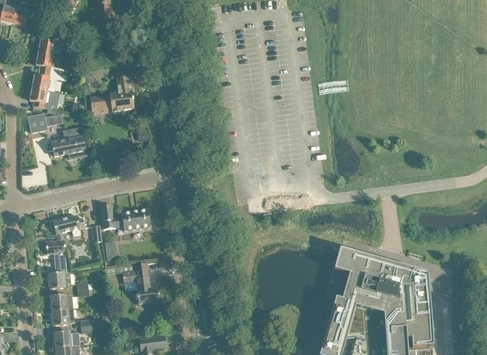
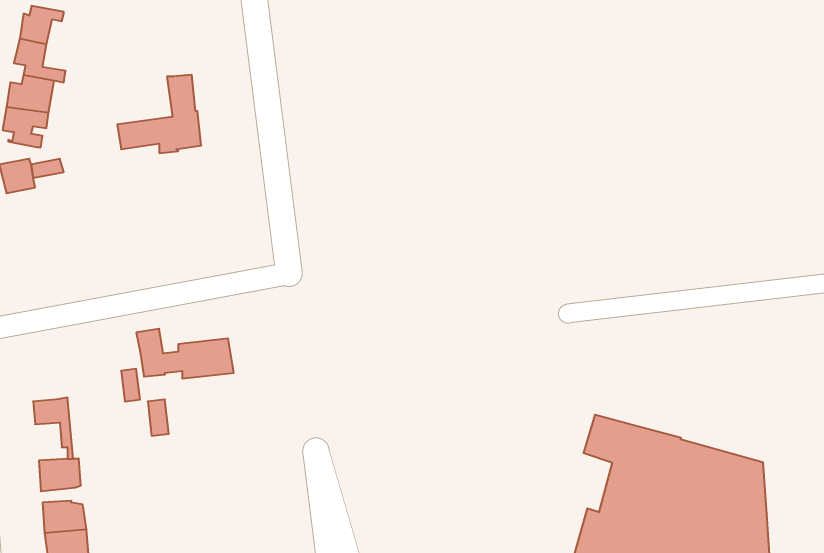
building: [47,135,86,158] -> none
building: [52,214,84,240] -> none
building: [121,262,159,303] -> none

